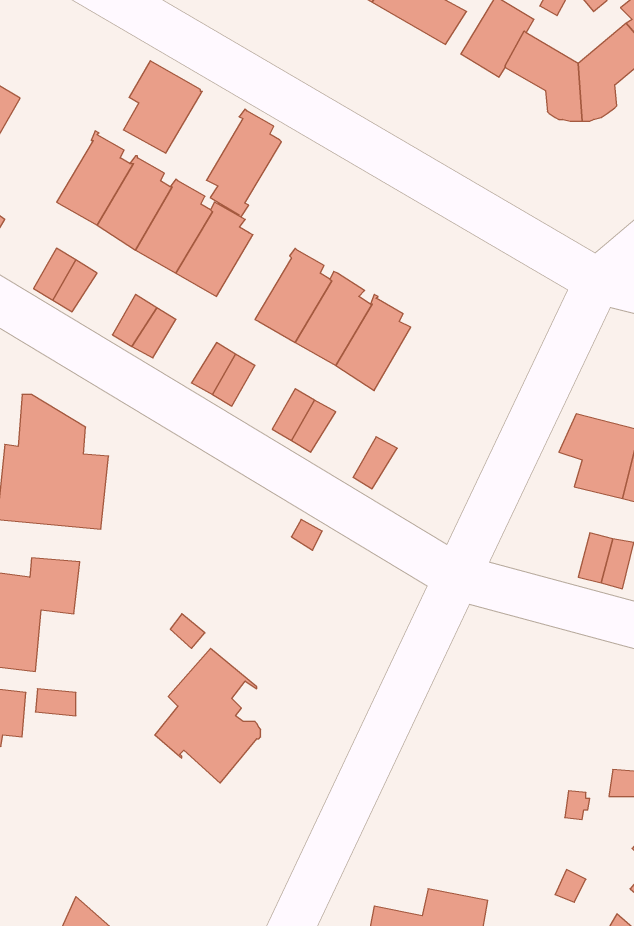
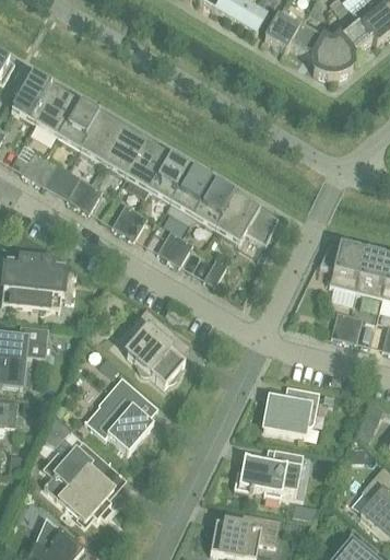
building: [123,61,202,153] -> [10,69,55,121]
building: [206,109,281,217] -> [125,135,167,196]
building: none -> [214,192,277,244]
building: none -> [126,307,184,385]
building: none -> [262,385,318,434]
building: none -> [43,440,113,521]
building: none -> [233,447,303,497]

